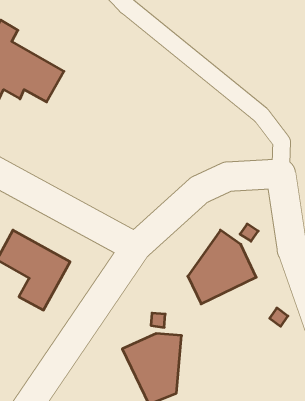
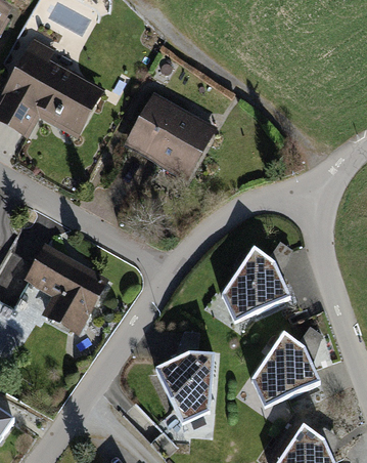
building: none -> [131,98,208,173]
building: none -> [251,334,320,408]

